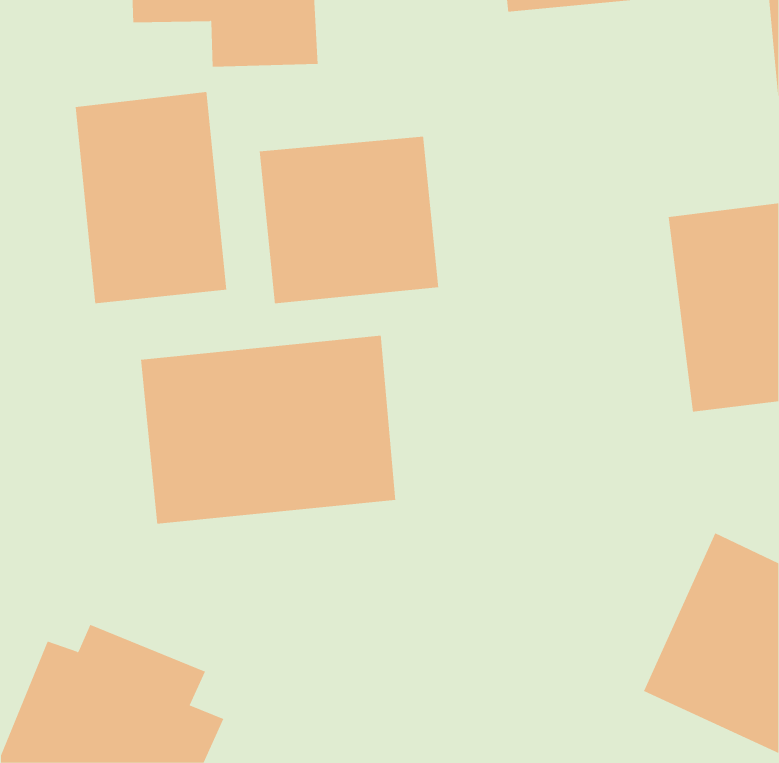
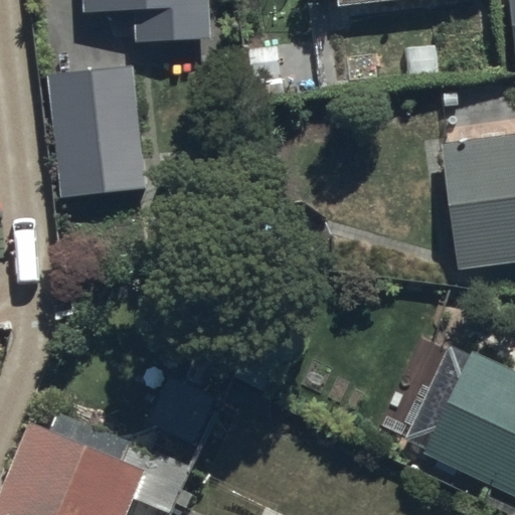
building: [259,136,439,304] -> none
building: [140,335,396,525] -> none

